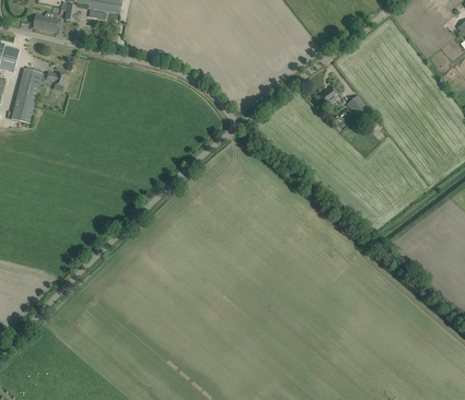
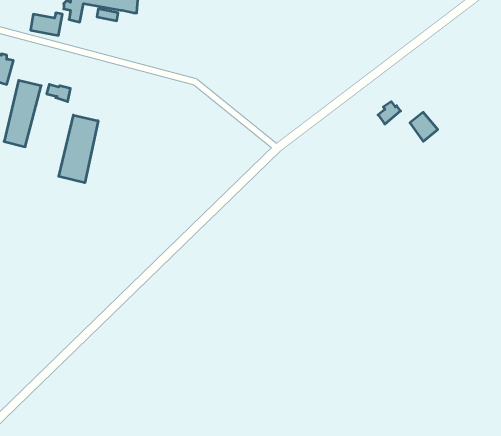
building: none -> [59,115,98,183]

